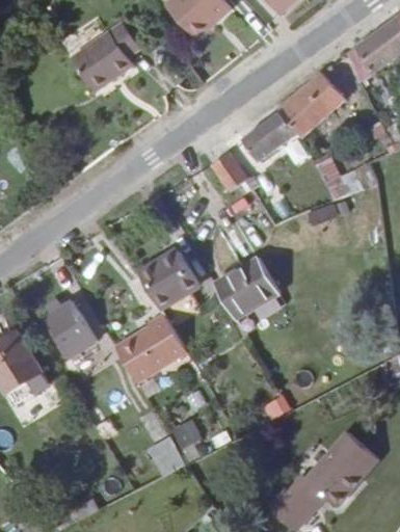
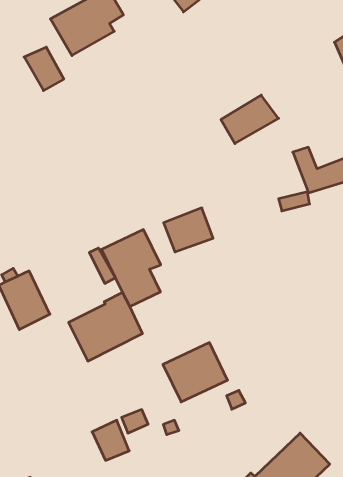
building: [277,73,346,137] -> none
building: none -> [24,47,64,91]
building: [211,152,259,192] -> none
building: [215,259,278,318] -> [163,343,228,402]

